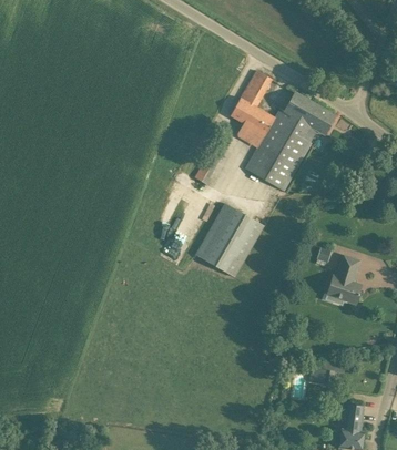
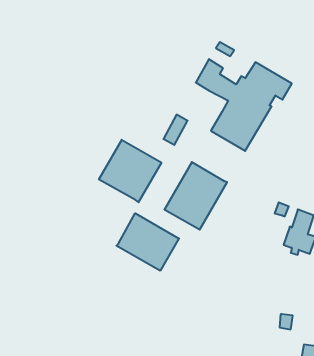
building: none -> [99,140,161,202]
building: none -> [116,213,179,271]

